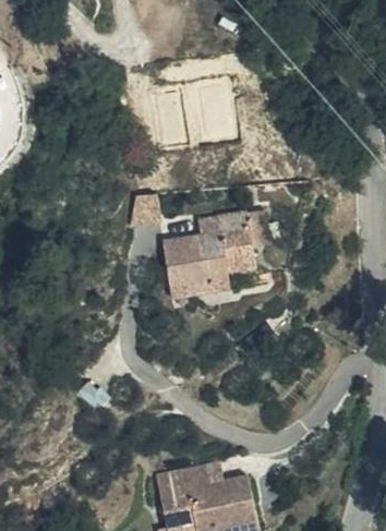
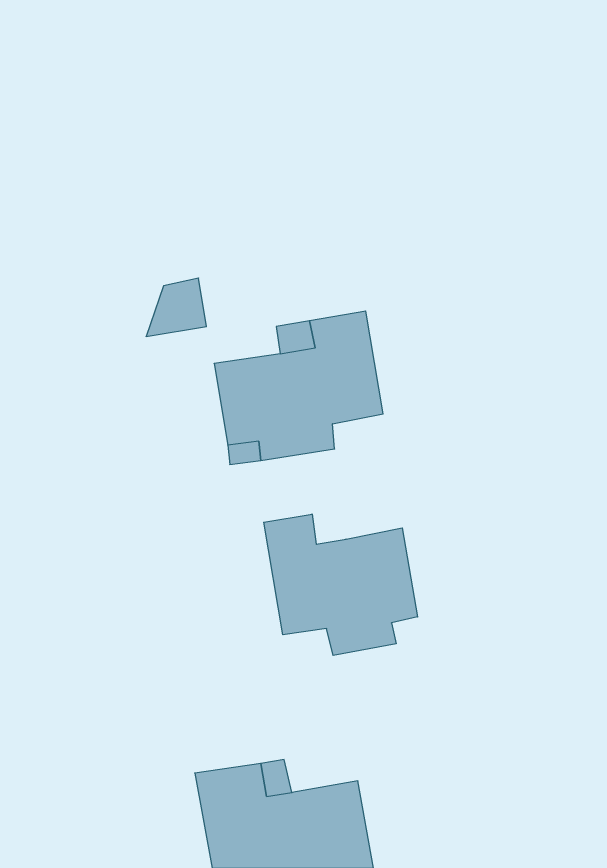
building: none -> [264,514,418,655]

